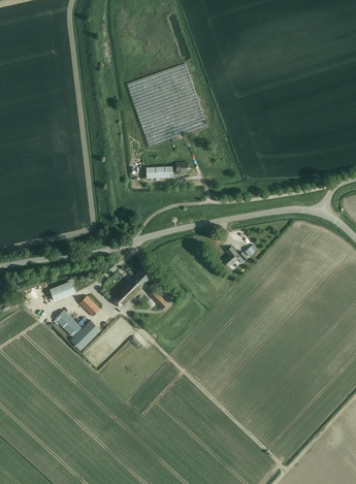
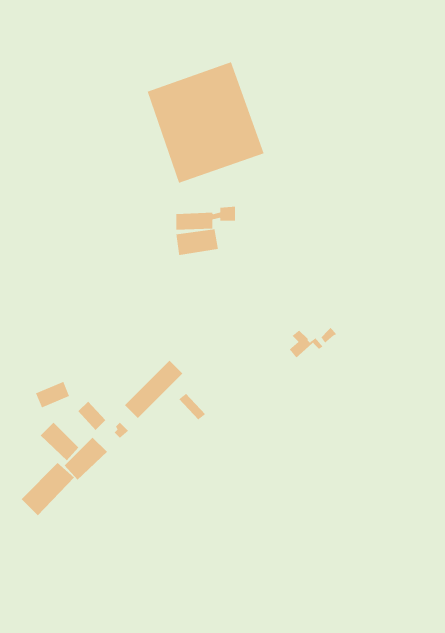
building: none -> [176,229,219,256]
building: none -> [21,462,75,516]

